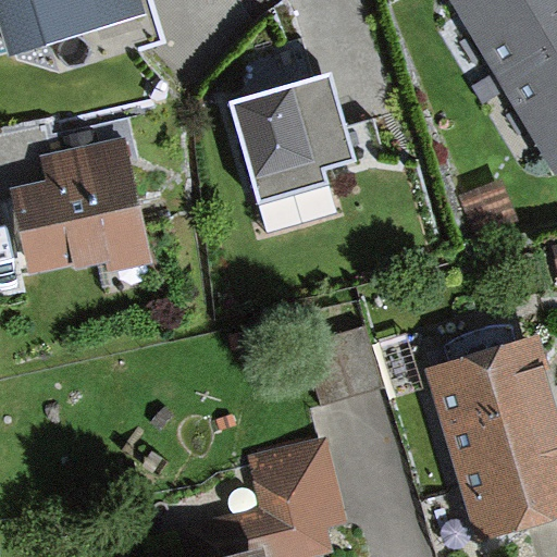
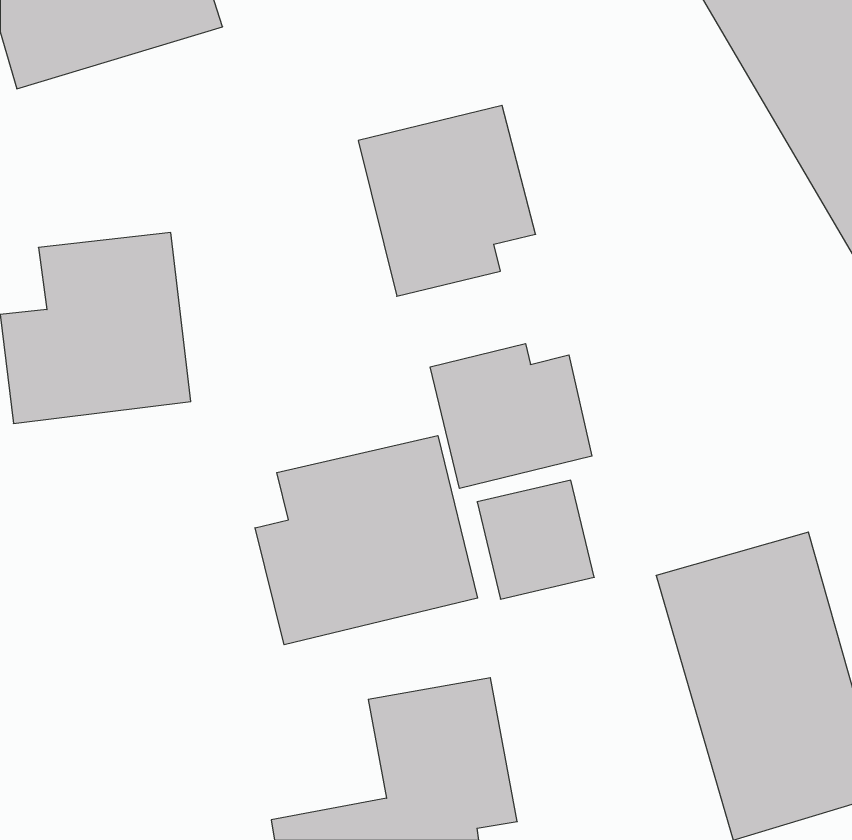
building: none -> [430,344,592,488]
building: none -> [255,436,478,645]

